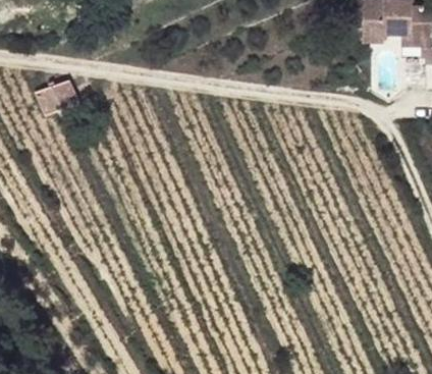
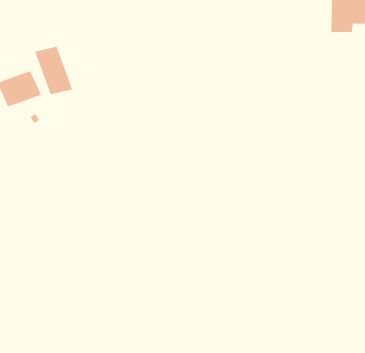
building: none -> [34,46,73,95]

